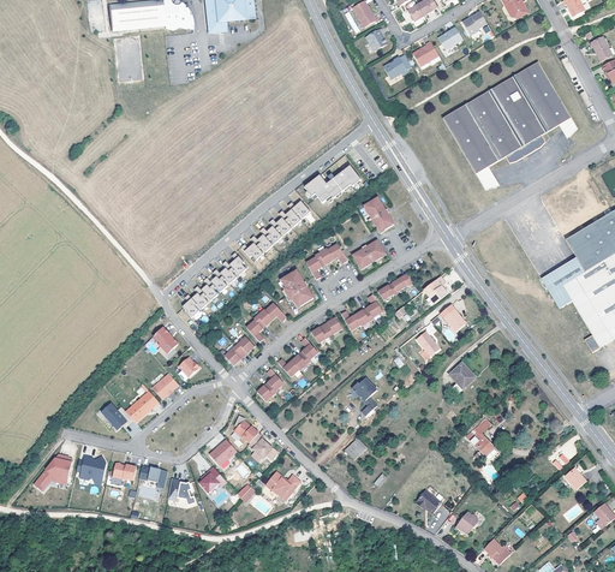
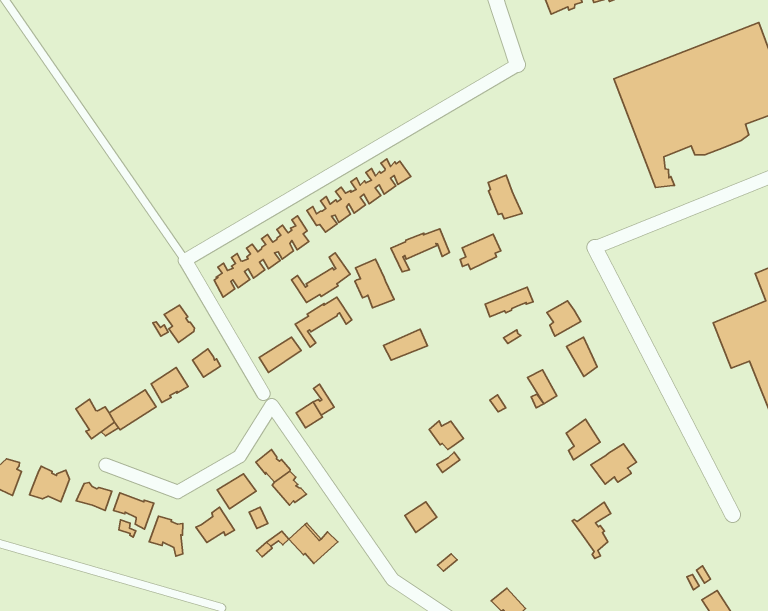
building: [303,162,359,201] -> none
building: [341,296,382,330] -> none
building: [277,338,318,376] -> [292,253,350,303]
building: none -> [591,444,636,484]

